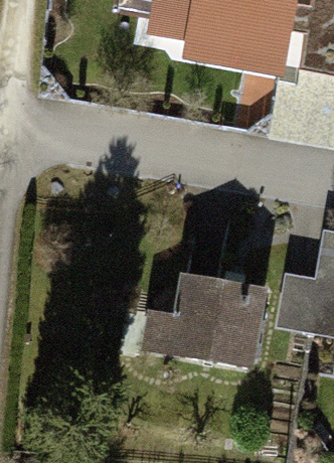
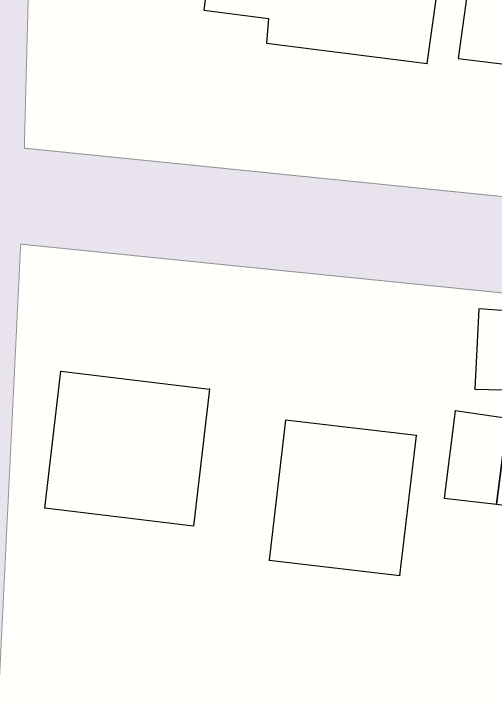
building: none -> [45,371,210,526]

